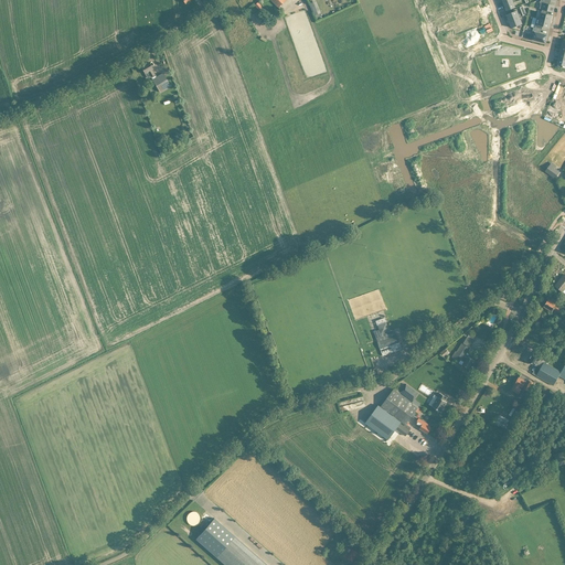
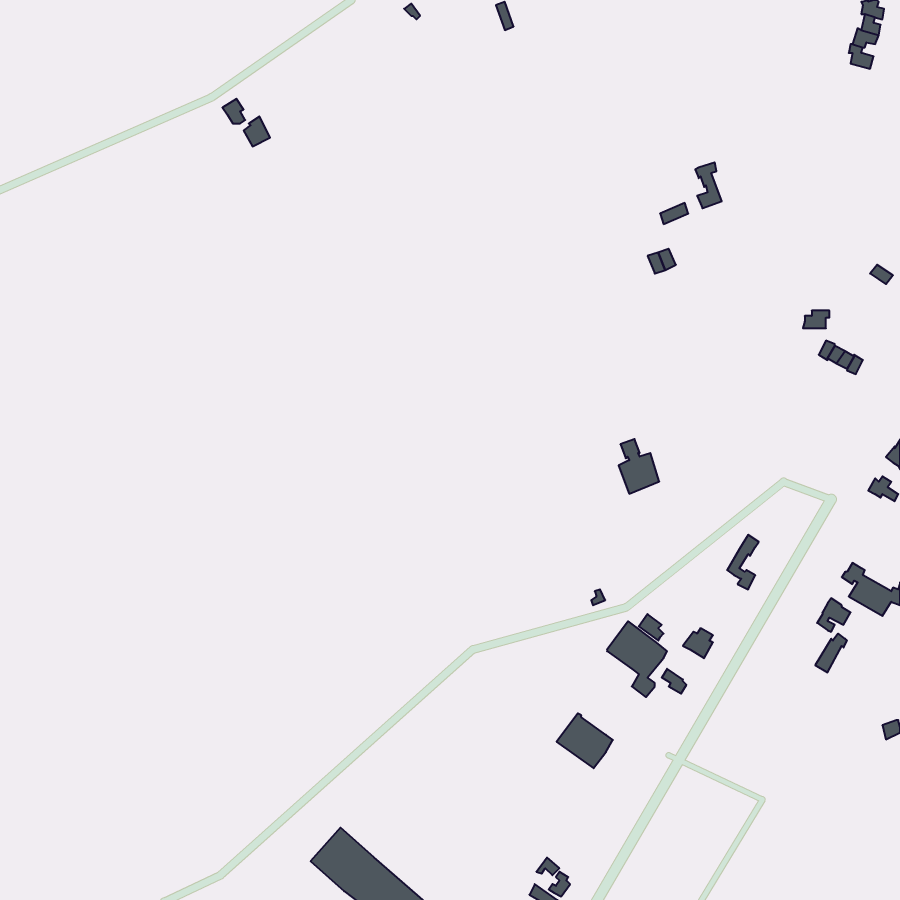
building: [375,323,401,358] -> [619,439,659,494]
building: [364,406,399,440] -> [557,713,613,768]

